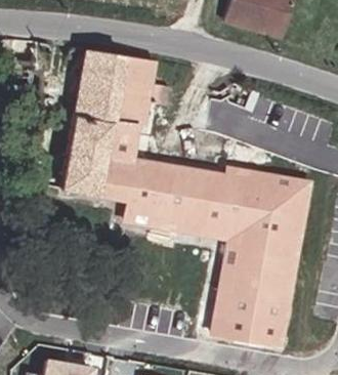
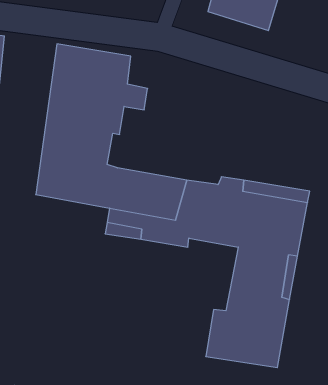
building: [205,226,251,293] -> none

